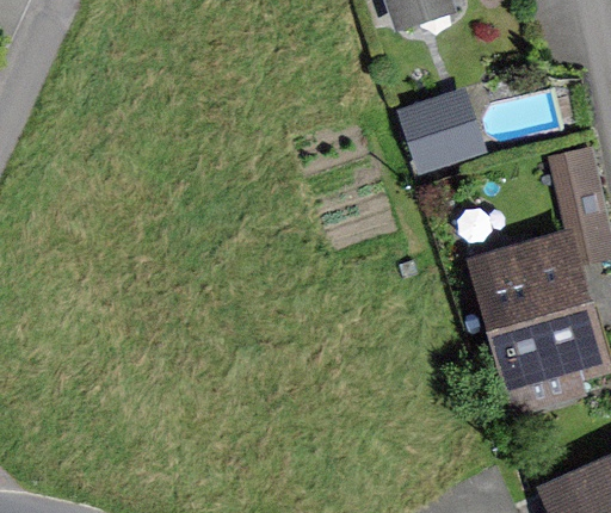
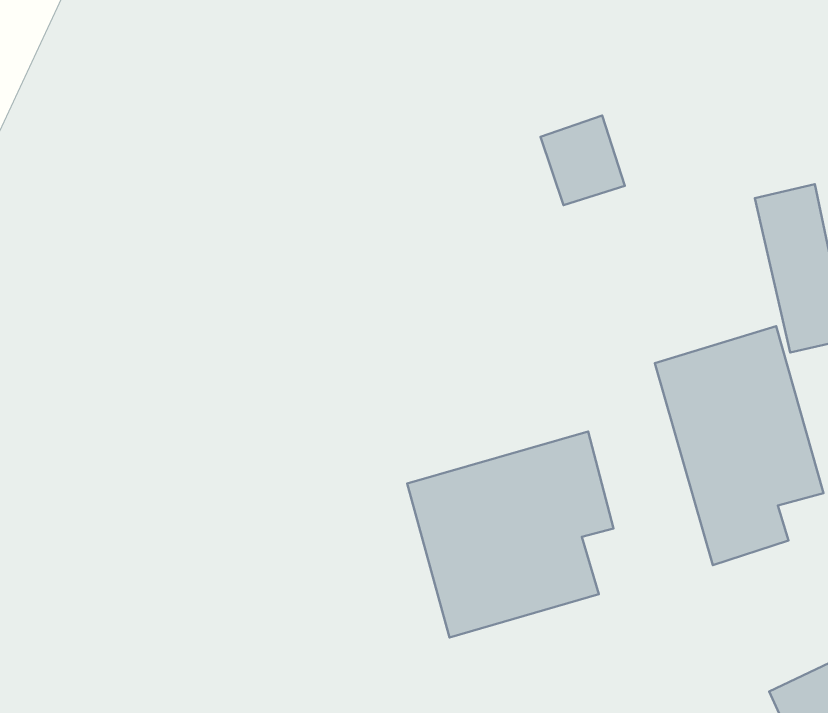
building: none -> [407,431,614,638]

